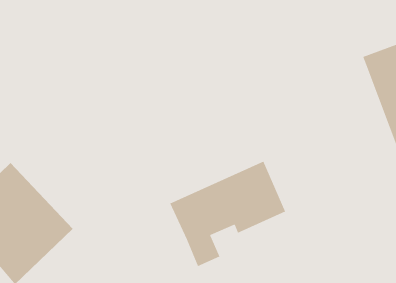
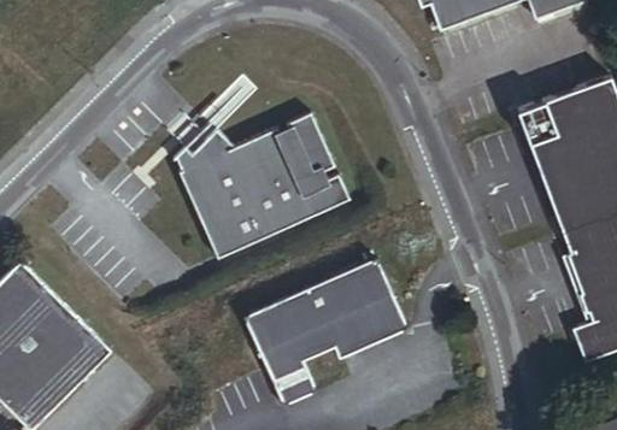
building: none -> [175,113,351,261]

